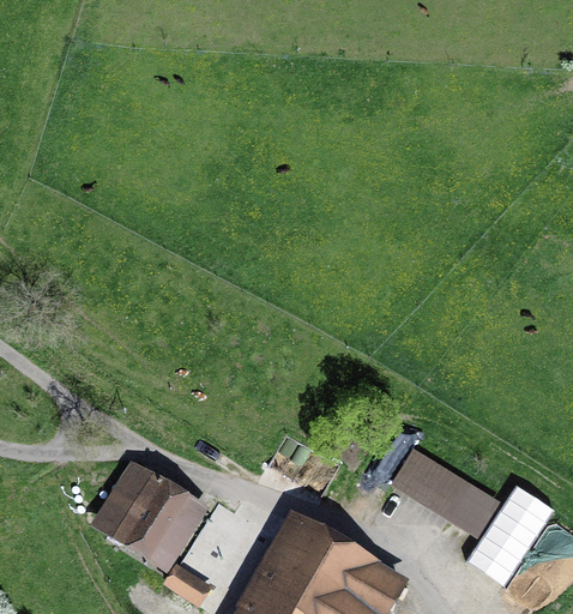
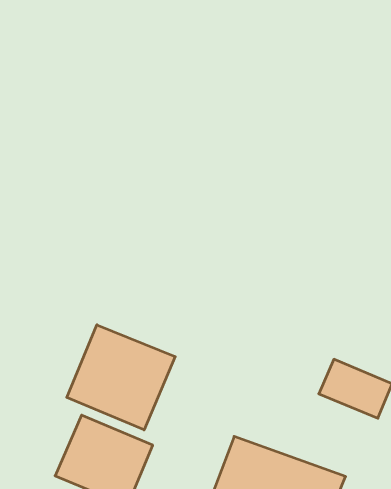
building: none -> [67,325,175,430]

